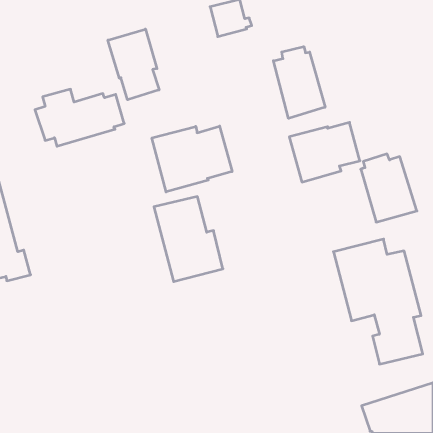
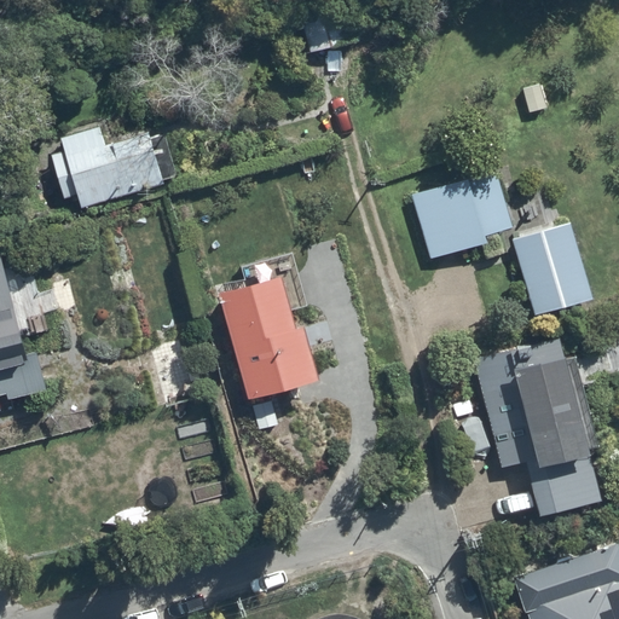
building: [108,29,159,100] -> none
building: [273,47,325,118] -> none
building: [152,126,232,192] -> none

